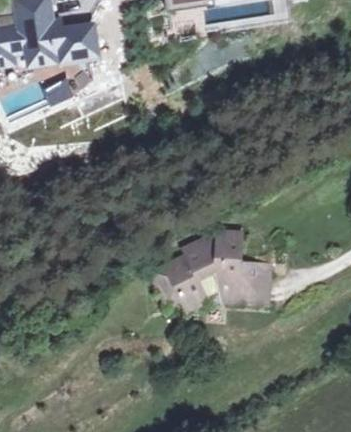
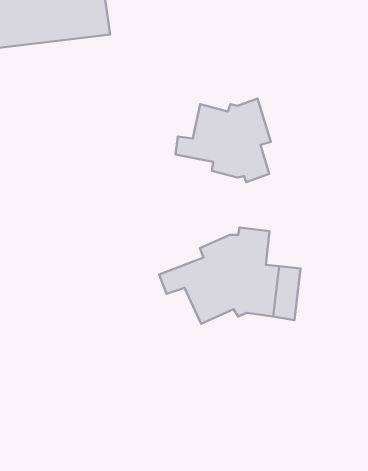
building: none -> [175,98,271,182]

